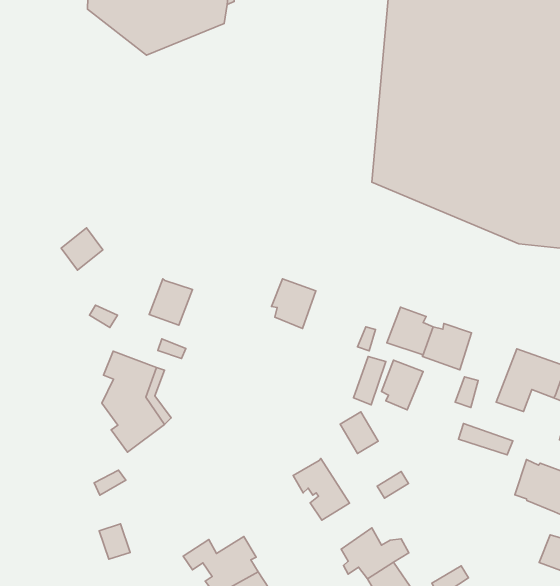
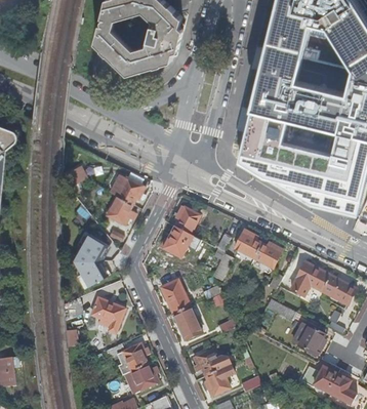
building: none -> [117,176,142,204]
building: none -> [164,226,190,252]
building: [382,360,423,410] -> none
building: none -> [161,280,190,314]
building: none -> [91,297,125,328]

